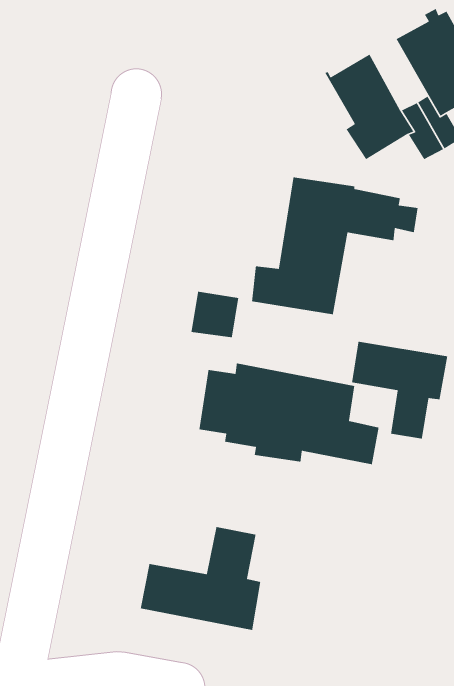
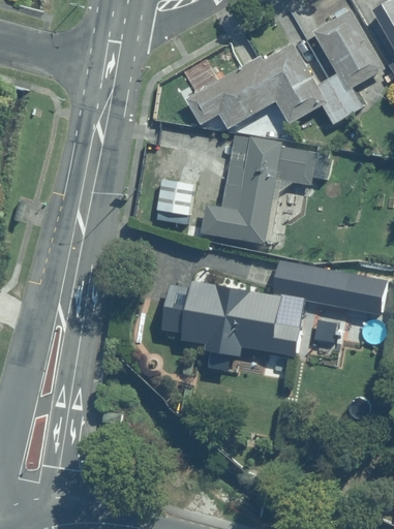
building: none -> [185,57,280,129]
building: [191,291,239,338] -> [156,179,193,215]
building: [140,526,261,631] -> none

